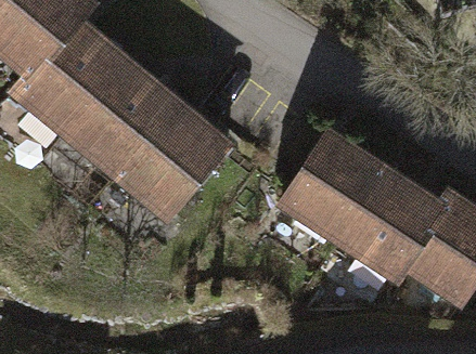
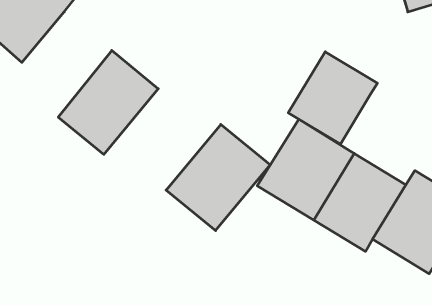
building: [17,19,127,132] -> none
building: none -> [288,52,377,144]
building: [118,102,230,215] -> [166,124,270,231]

